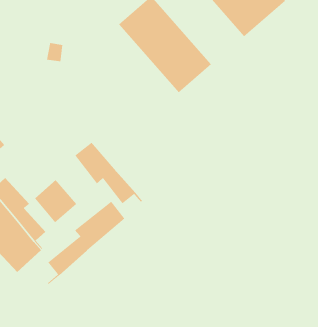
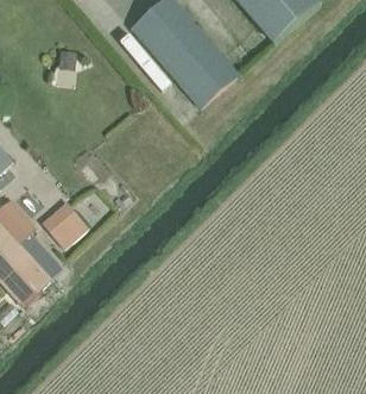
building: [75,142,143,204] -> none
building: [47,201,125,285] -> none

